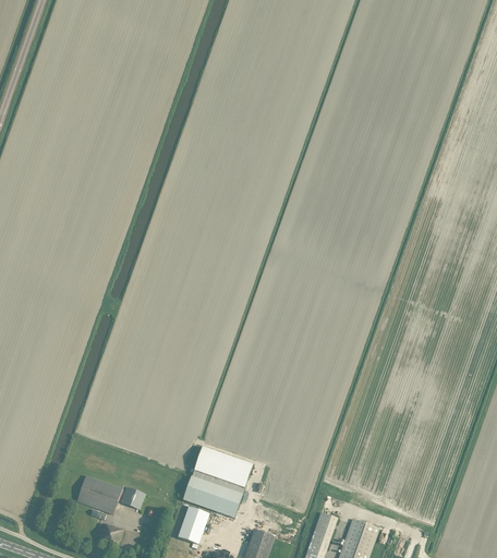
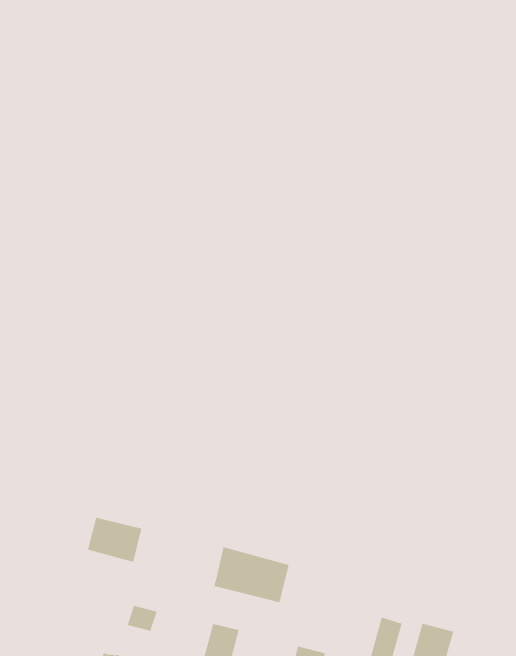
building: [77,475,122,513] -> [87,517,142,563]
building: [183,475,243,517] -> none

